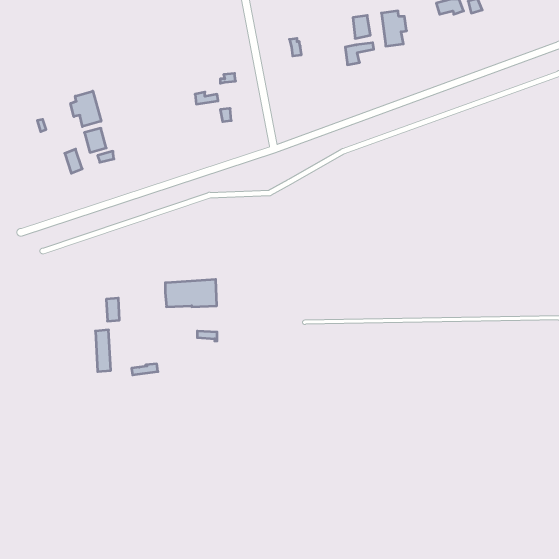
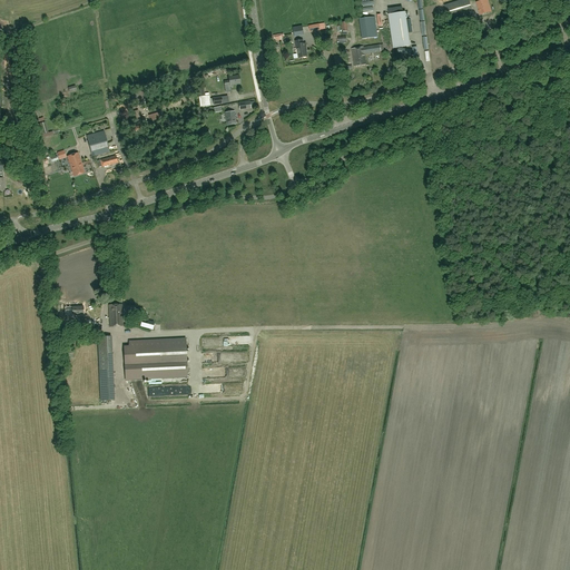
building: [71,91,101,127] -> none
building: [165,279,217,307] -> [132,338,185,366]

